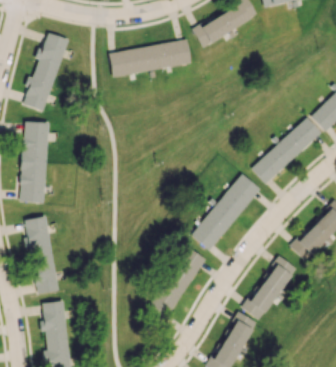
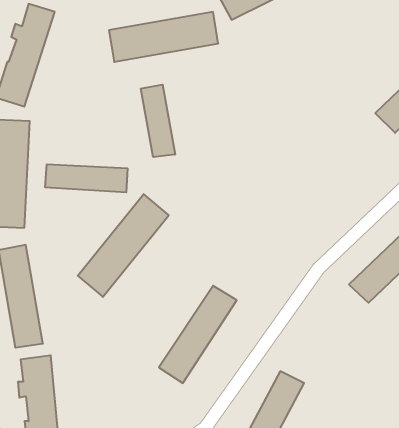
building: none -> [141,85,175,157]
building: [251,117,321,184] -> none
building: none -> [45,164,127,192]
building: [192,173,261,251] -> [78,194,169,297]
building: [244,256,297,320] -> none

